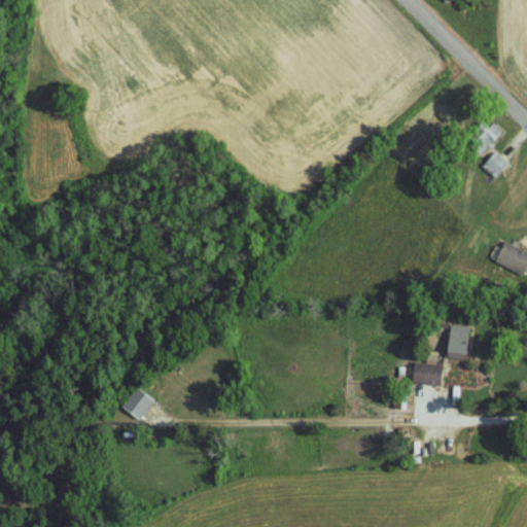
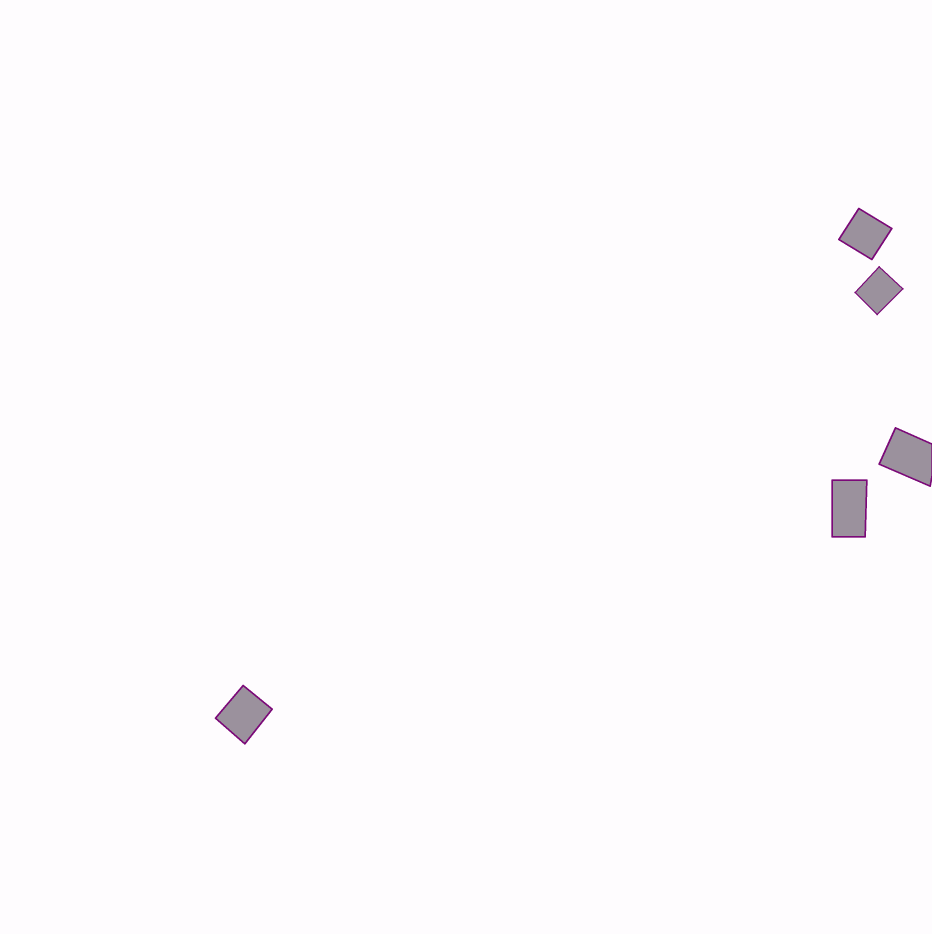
building: [449,325,468,357] -> [832,480,867,537]
building: [414,362,443,384] -> none

